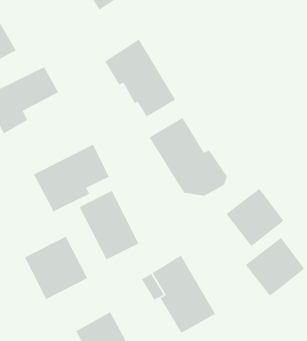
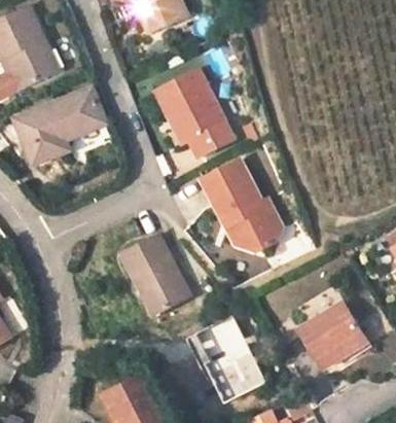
building: [33,143,110,212] -> none
building: [225,188,284,247] -> none
building: [24,236,88,300] -> none

